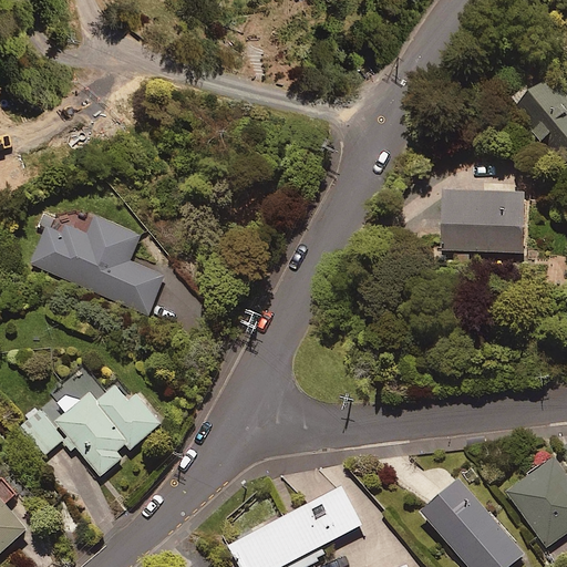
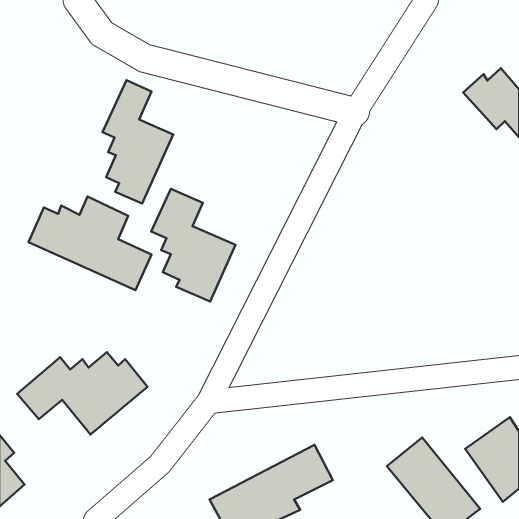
building: none -> [103,80,173,203]
building: [442,188,525,251] -> none
building: none -> [151,189,235,302]

